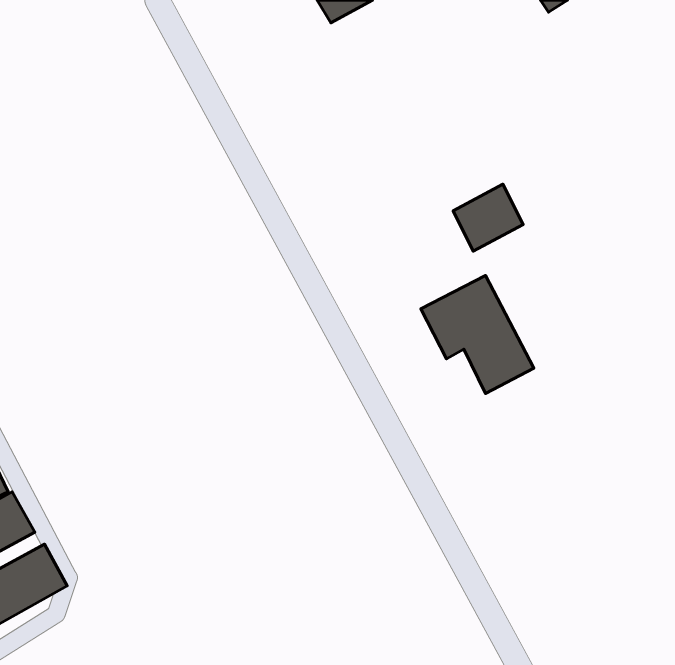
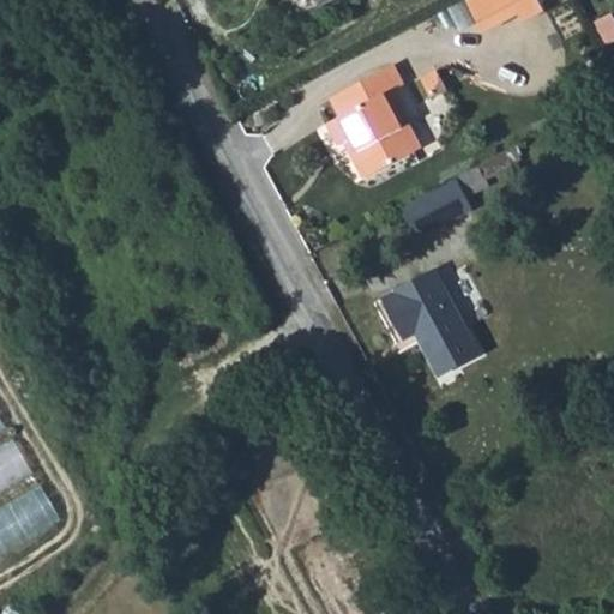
building: none -> [325,62,415,176]

